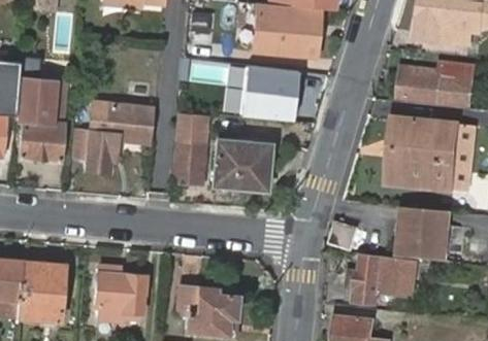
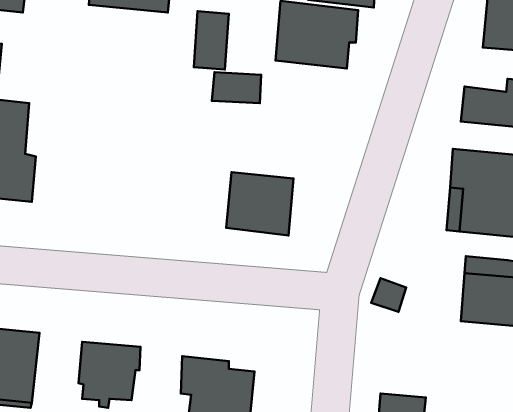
building: [246,63,303,118] -> none
building: [72,102,151,172] -> none
building: [172,115,204,185] -> none
building: [354,257,416,304] -> none

